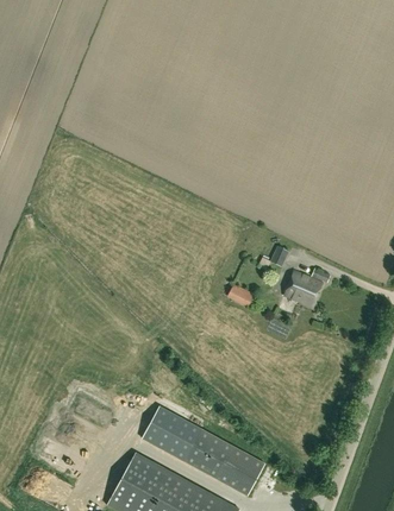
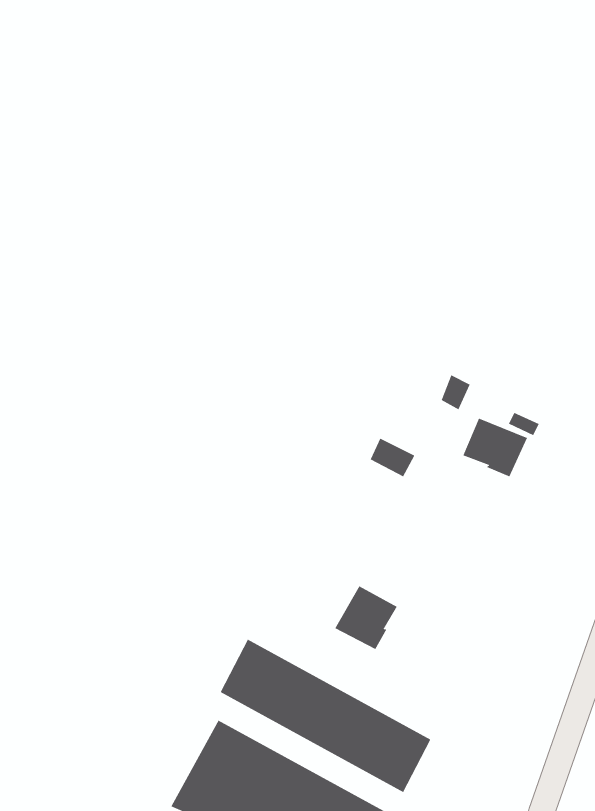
building: none -> [334,586,398,650]

